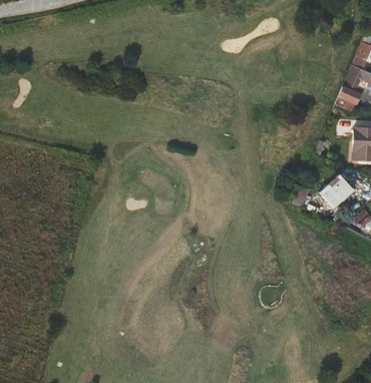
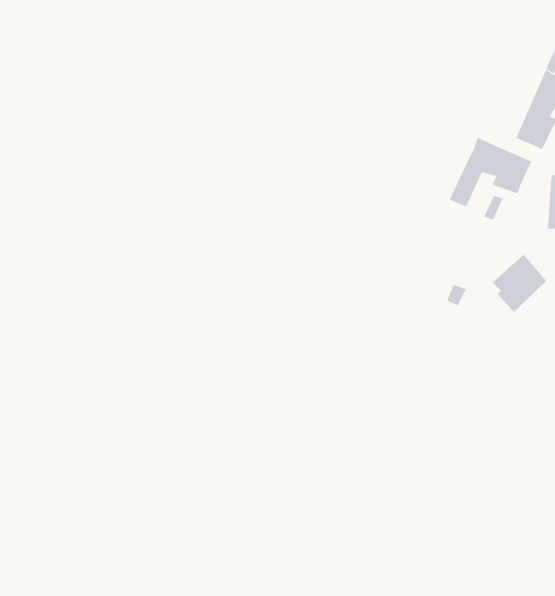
building: none -> [449,137,532,207]

